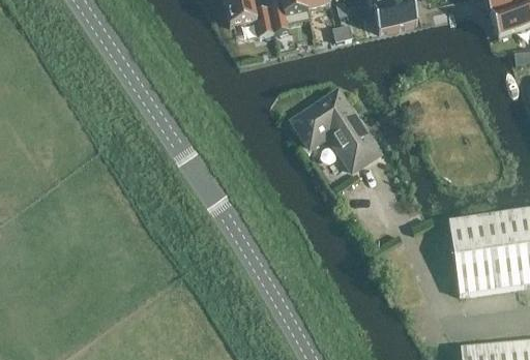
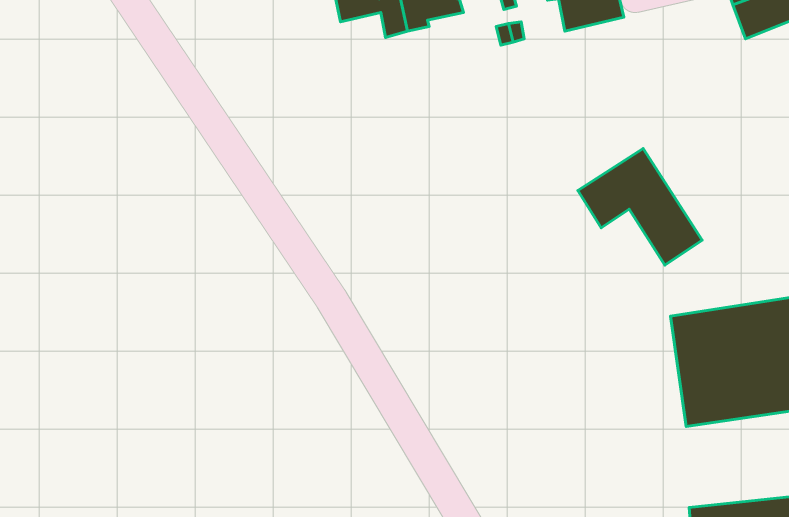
building: [295,91,378,169] -> [578,148,702,265]

